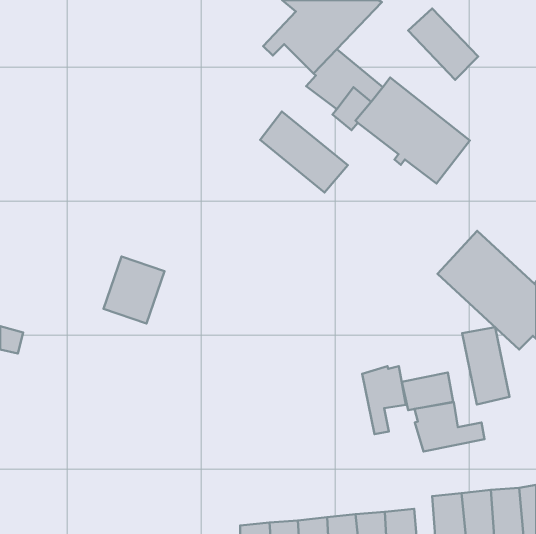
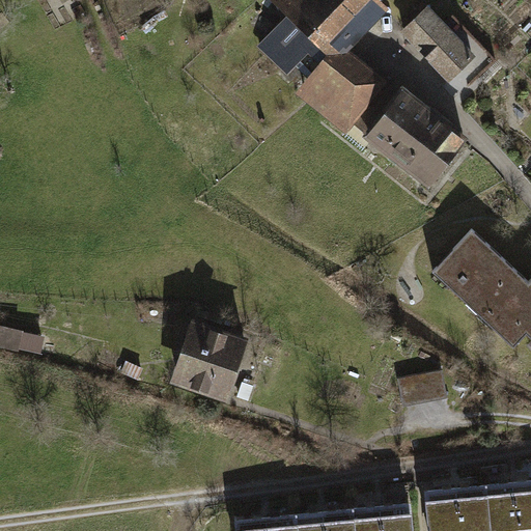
building: [260,111,348,192] -> none
building: [104,256,164,324] -> [179,328,240,394]
building: [462,327,510,404] -> none
building: [362,366,406,434] -> none
building: [415,402,484,452] -> none

